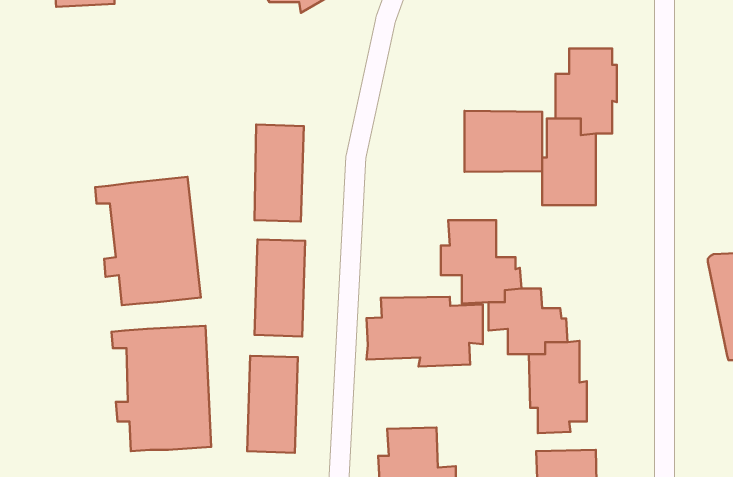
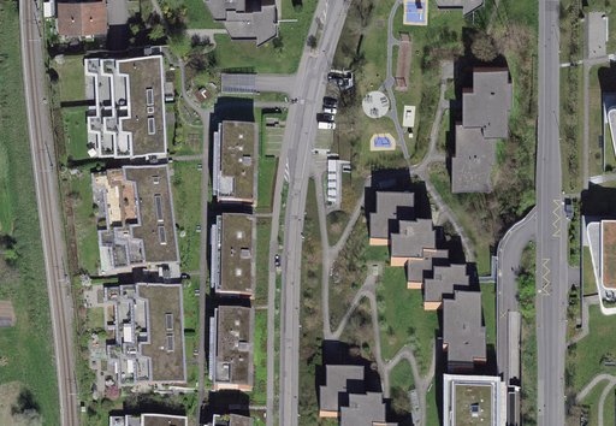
building: none -> [83,52,162,152]
building: [464,111,542,172] -> none
building: [367,297,483,366] -> none

